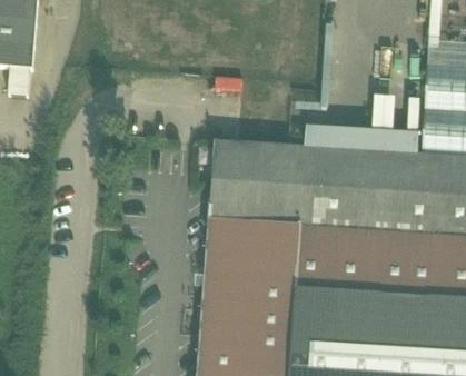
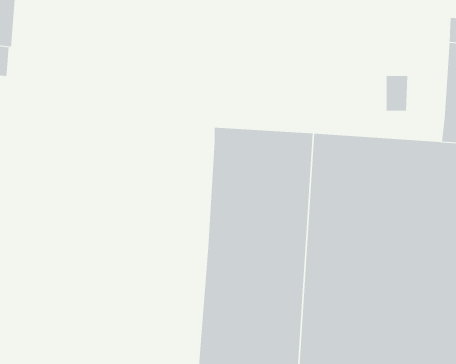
building: [306,120,424,149] -> none

